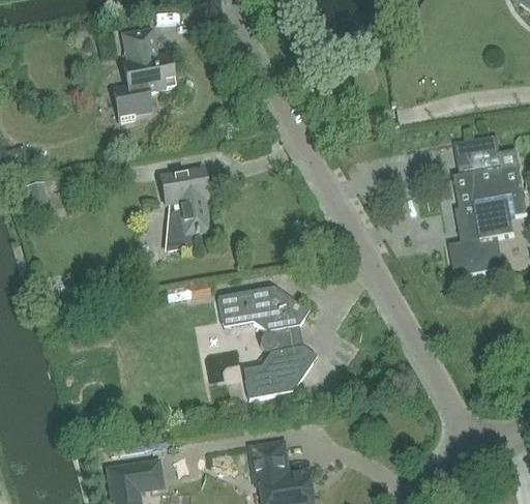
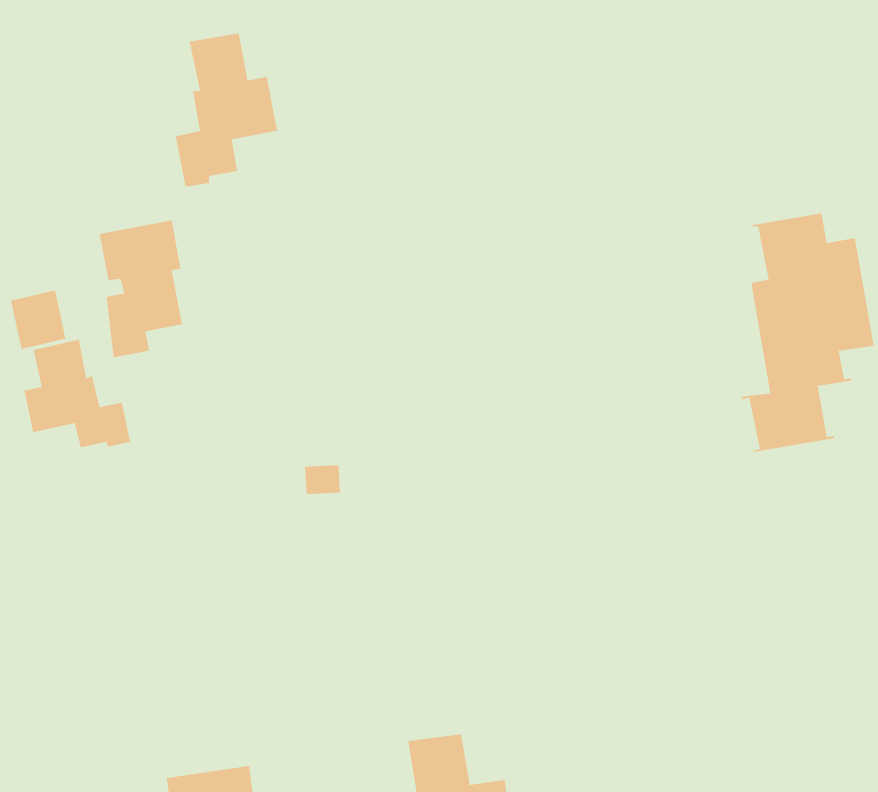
building: [159,167,209,248] -> [99,220,183,358]
building: none -> [24,339,131,448]
building: [217,286,312,398] -> none

